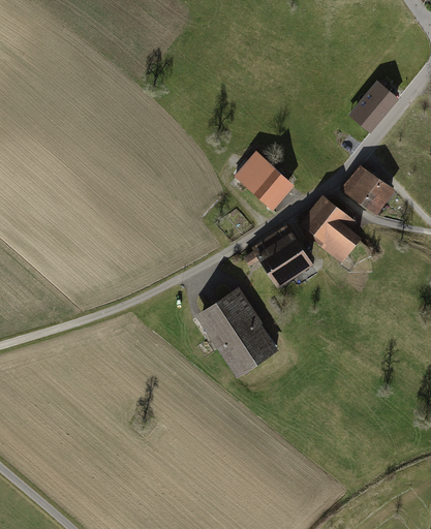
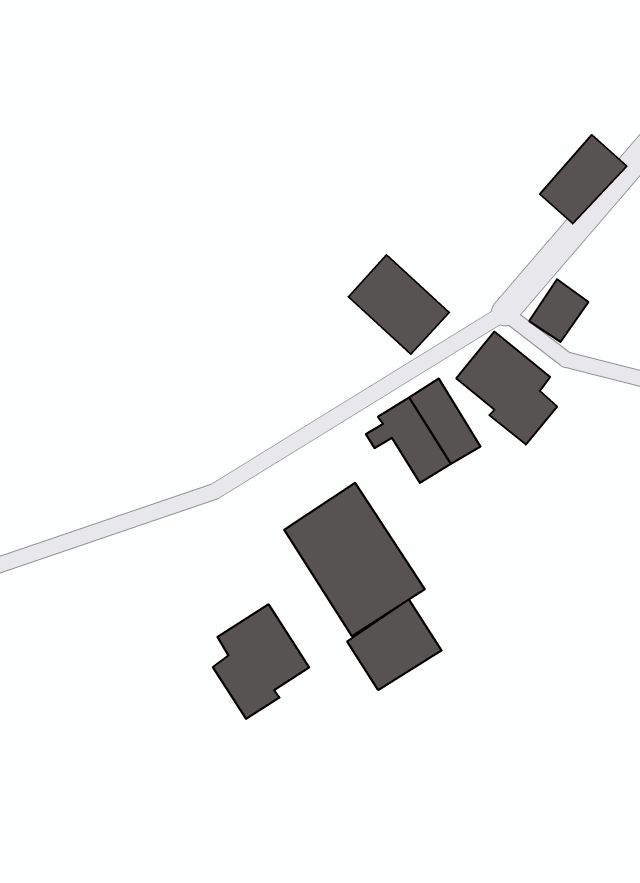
building: [361,180,393,215] -> none
building: none -> [347,599,442,690]
building: none -> [213,604,309,719]

